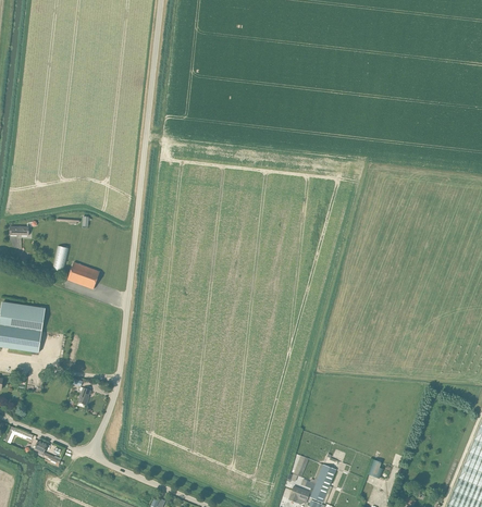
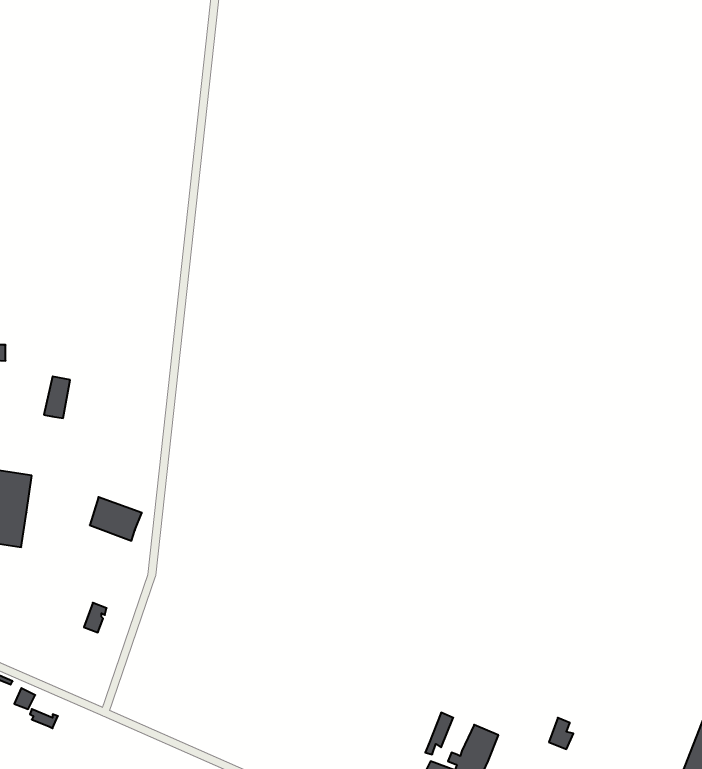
building: [69,261,101,288] -> [90,497,142,541]

